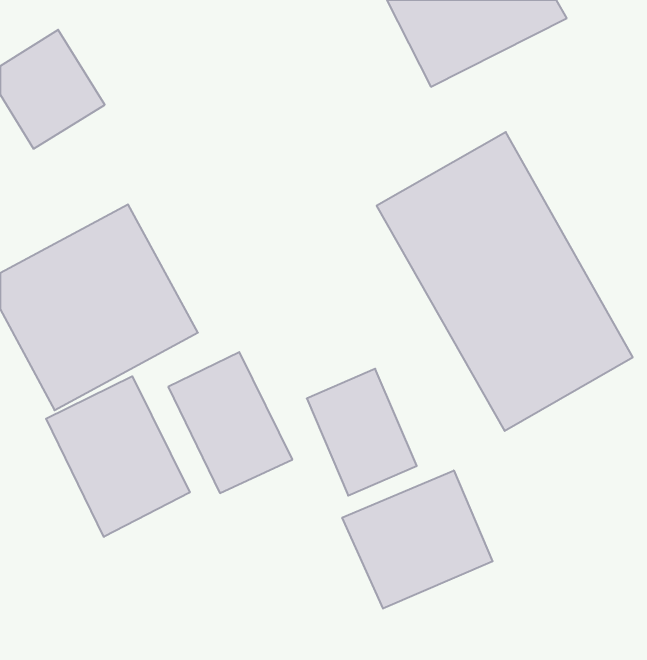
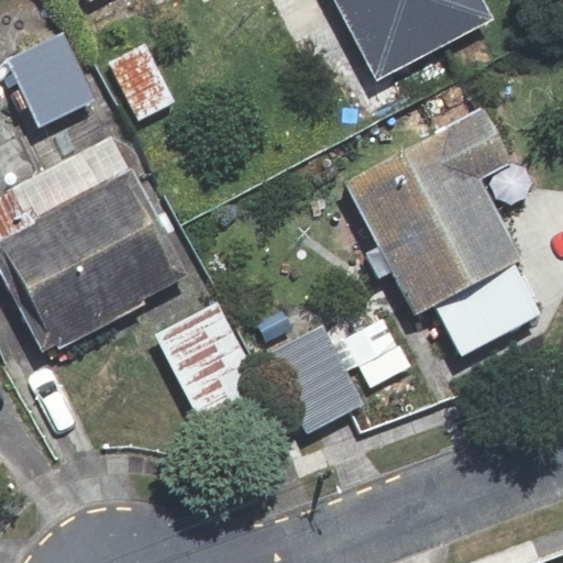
building: [46,376,190,537] -> none
building: [342,470,493,609] -> none

